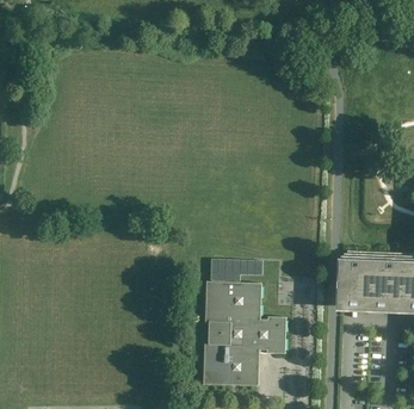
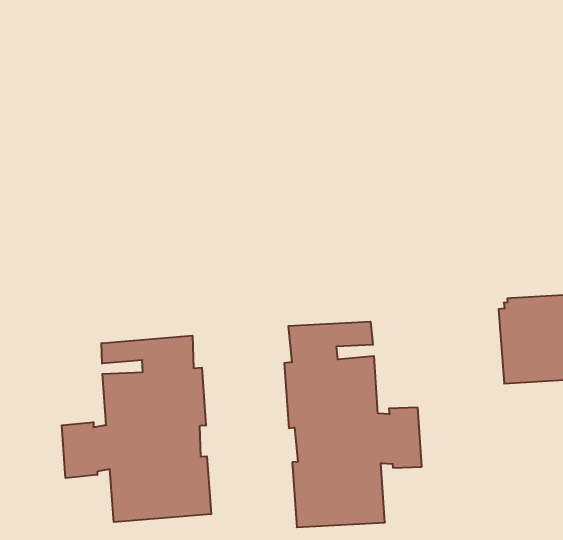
building: none -> [62,336,211,522]

